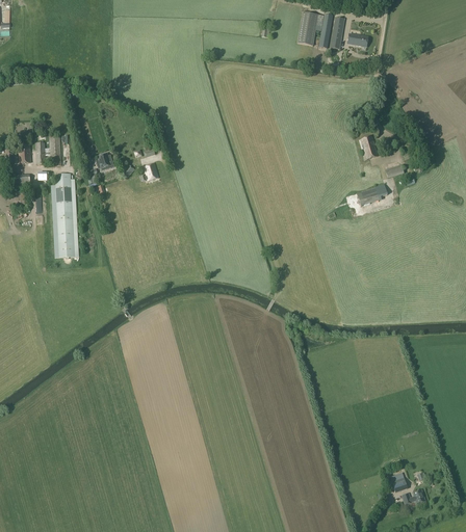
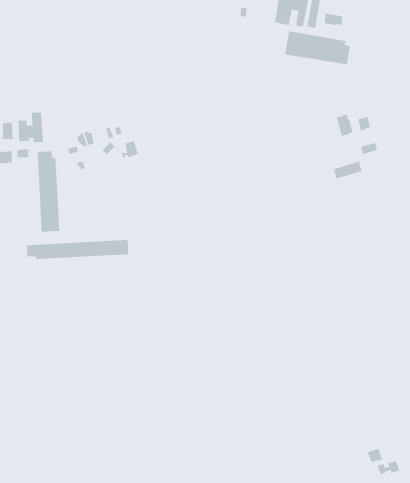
building: none -> [285,30,351,65]
building: none -> [26,239,129,260]

